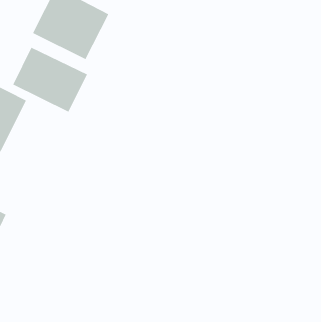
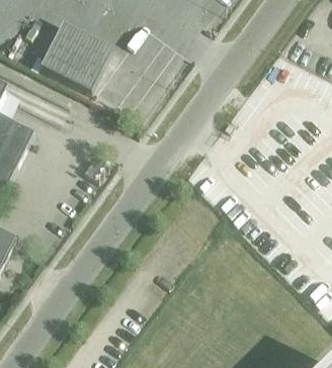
building: [13,47,88,113] -> none

